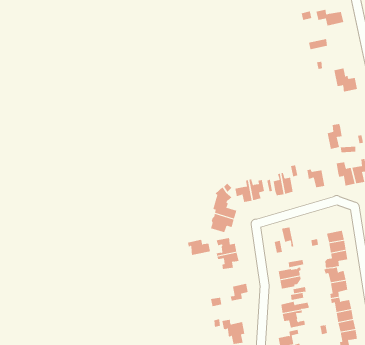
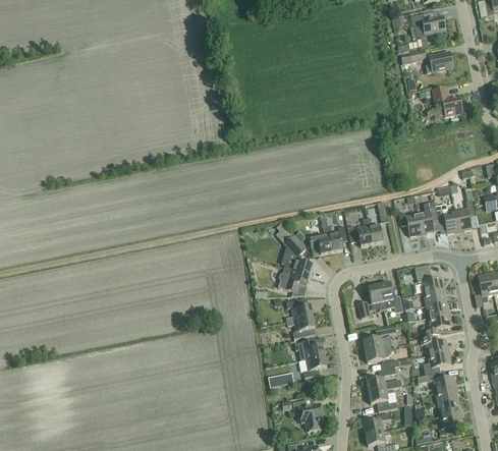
building: none -> [426,51,453,72]
building: [327,123,342,149] -> [419,201,438,233]
building: none -> [416,265,444,292]
building: none -> [379,281,403,312]
building: [187,239,211,255] -> [295,339,325,359]

